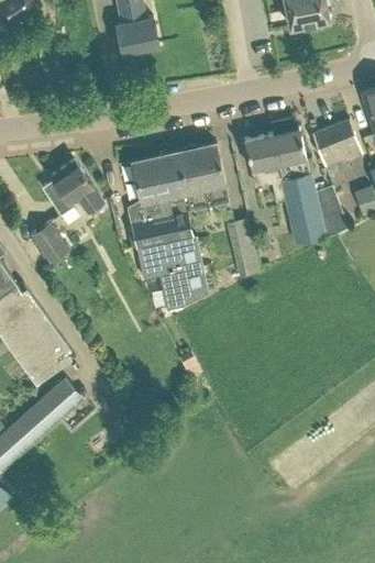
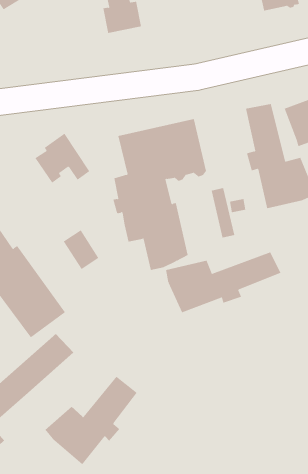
building: [243,134,279,186] -> none
building: [29,221,68,265] -> [63,229,99,270]
building: none -> [166,251,281,313]
building: none -> [45,376,137,465]

